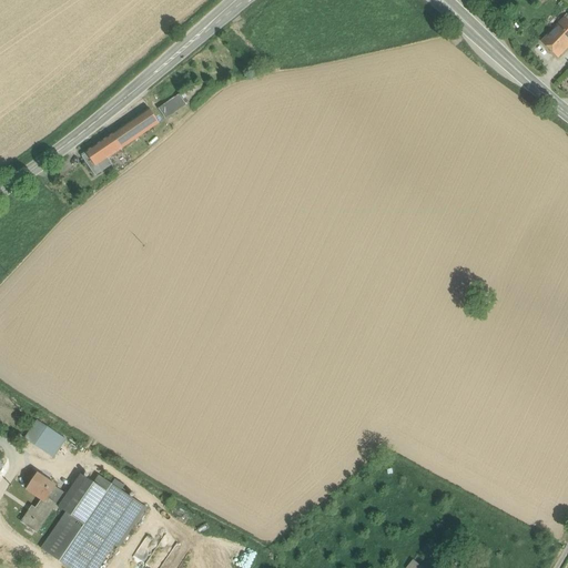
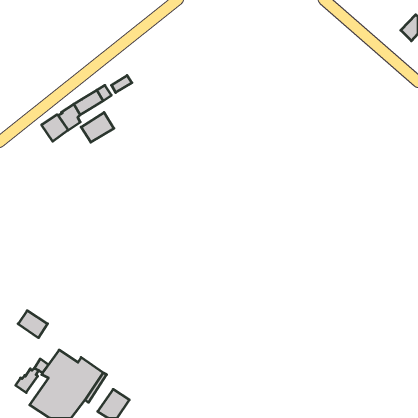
building: none -> [81,112,114,142]
building: none -> [42,115,68,141]
building: [26,473,55,501] -> none

